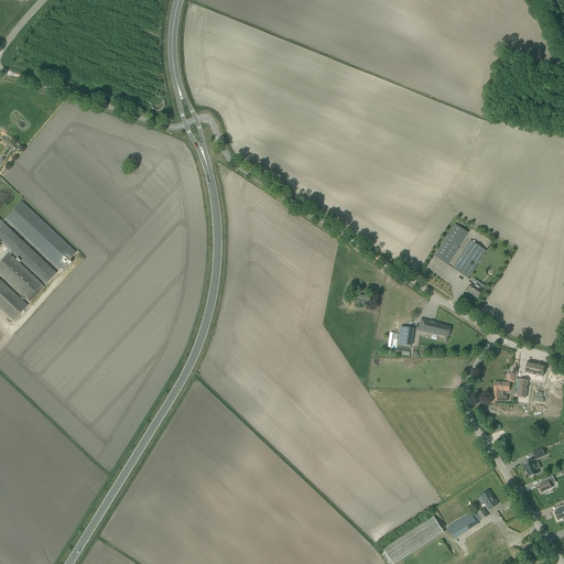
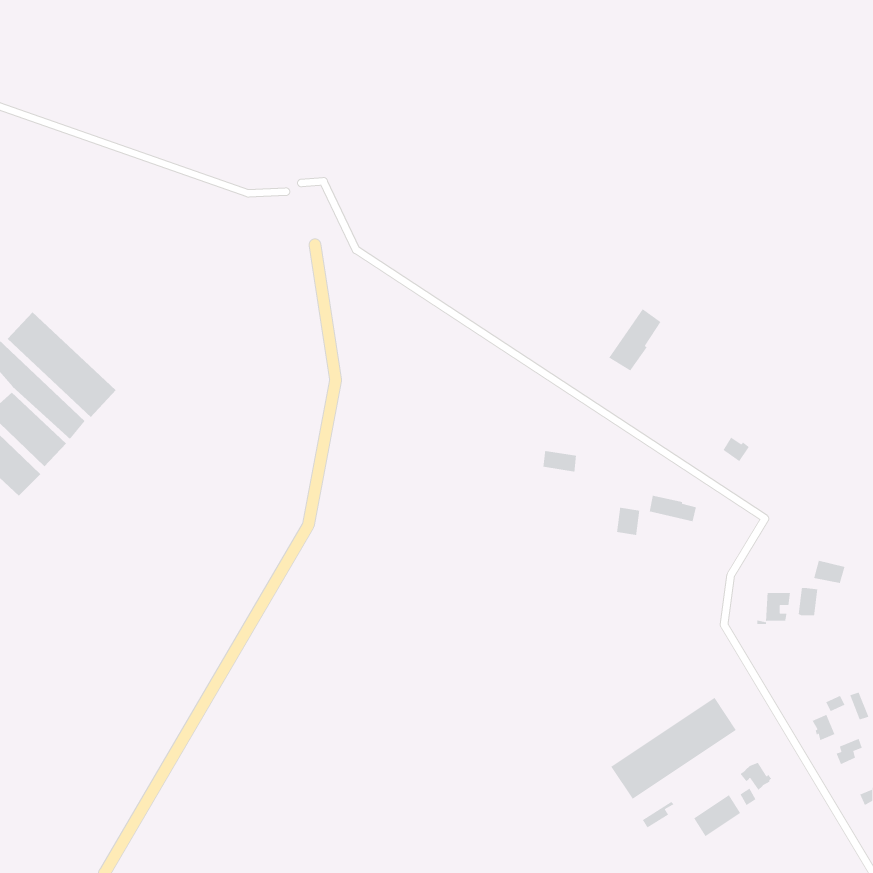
building: [432,223,466,263] -> [608,308,661,372]
building: [451,239,485,276] -> none
building: none -> [610,697,737,800]

